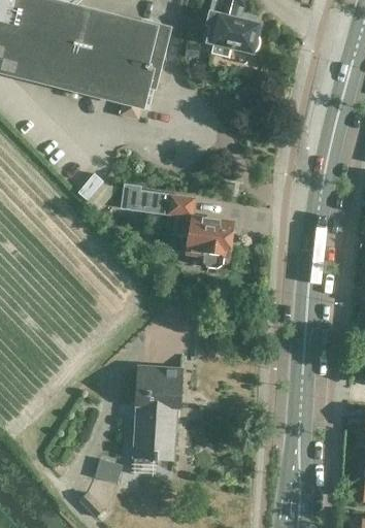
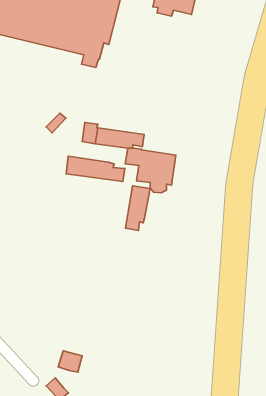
building: none -> [66,156,125,182]
building: none -> [126,186,150,230]
building: [133,366,181,461] -> none

